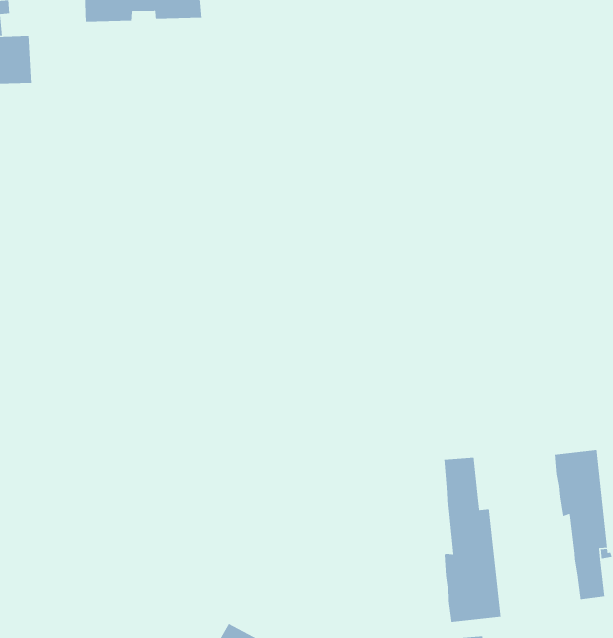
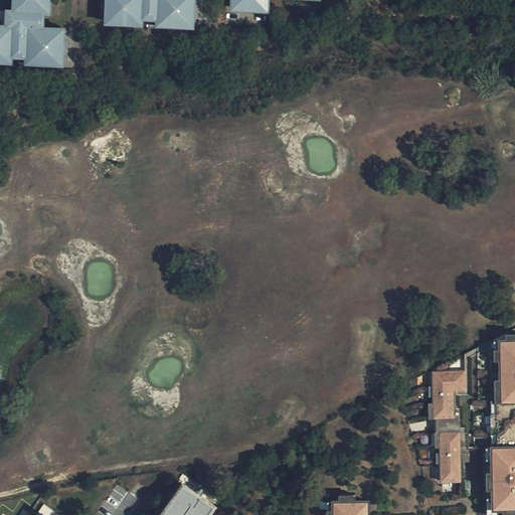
building: [444,457,502,623] -> none

